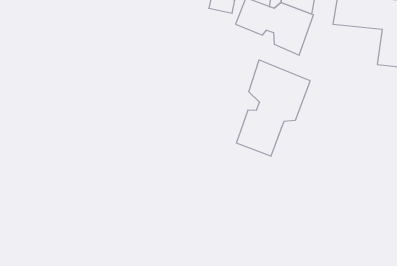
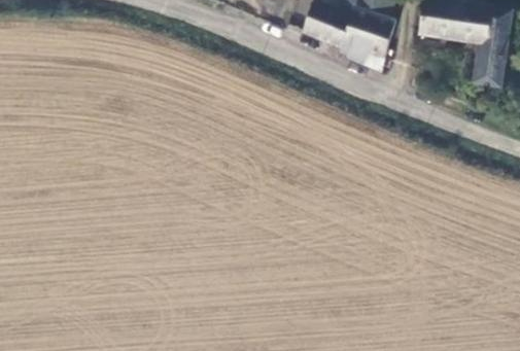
building: [236,60,310,156] -> none

